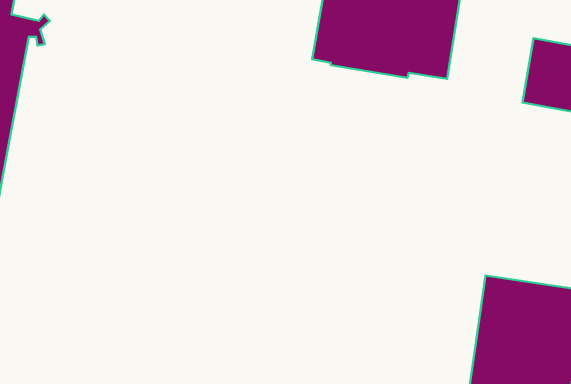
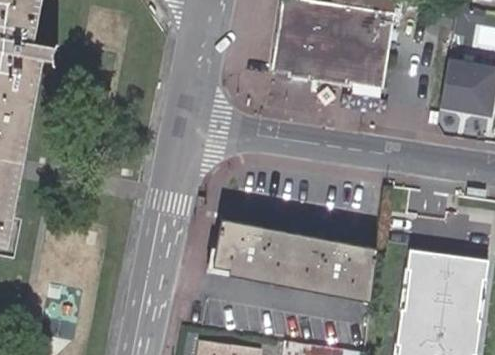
building: none -> [206,224,374,300]

